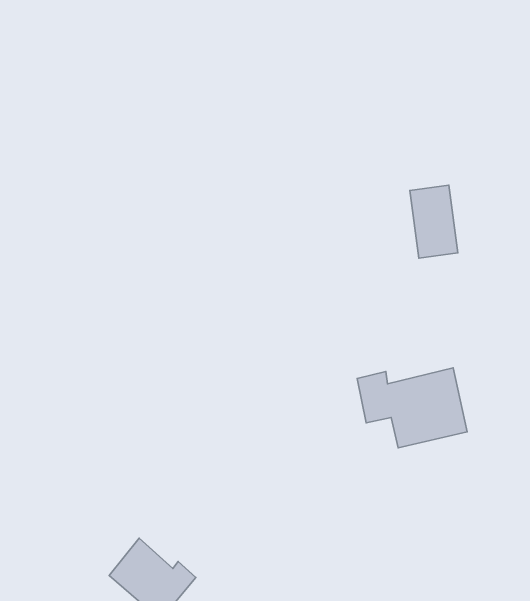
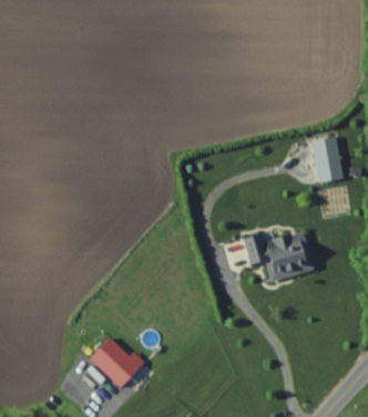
building: [410,185,458,258] -> [311,137,341,183]

